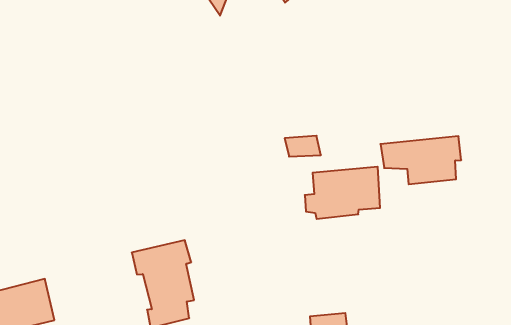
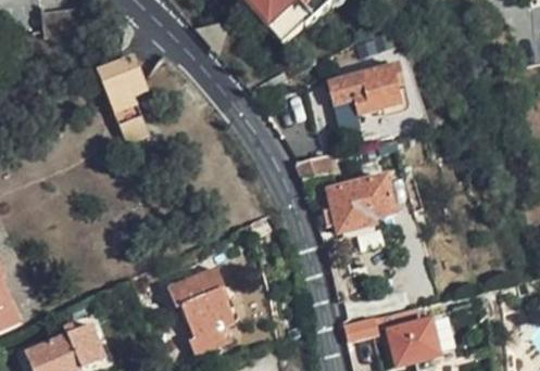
building: none -> [98,56,146,132]
building: [380,136,461,184] -> [325,64,402,115]

